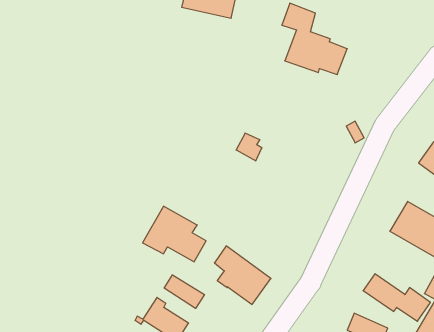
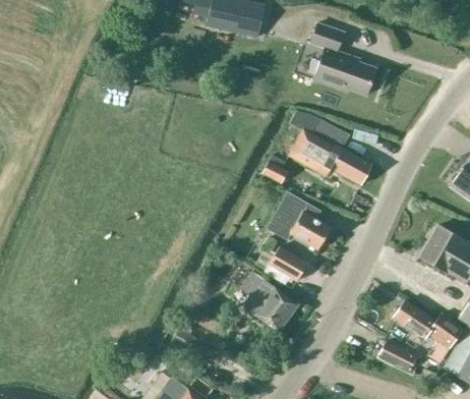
building: none -> [290,120,373,184]
building: [143,206,206,262] -> [267,191,332,248]
building: none -> [271,246,308,280]
building: [164,275,204,308] -> none

